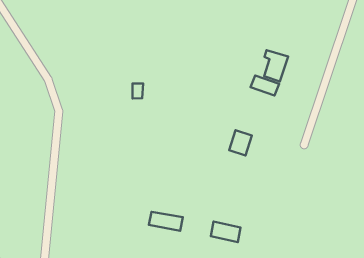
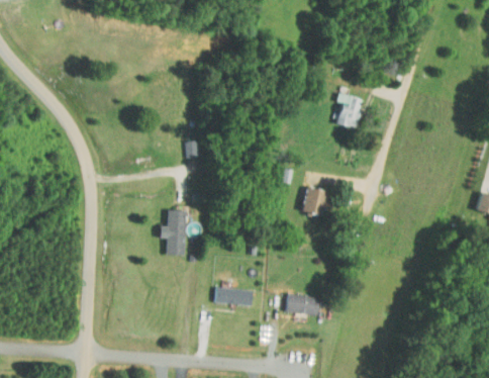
building: [251,76,279,95] -> none
building: none -> [160,209,186,255]

